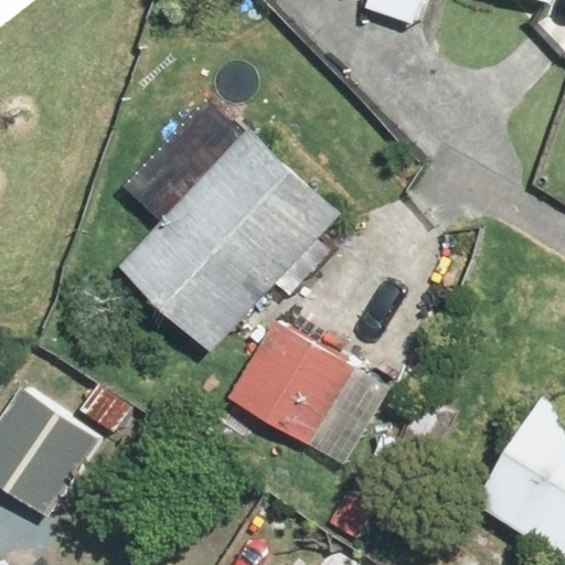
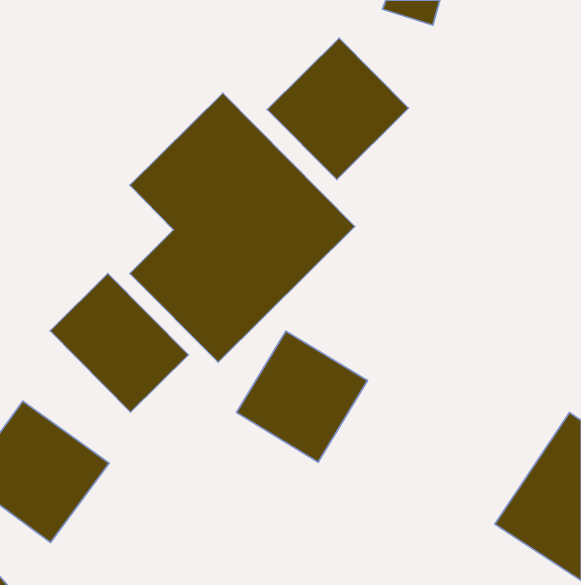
building: none -> [267,38,409,180]
building: none -> [50,274,188,412]

